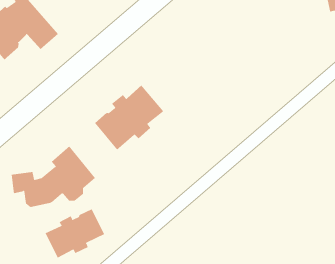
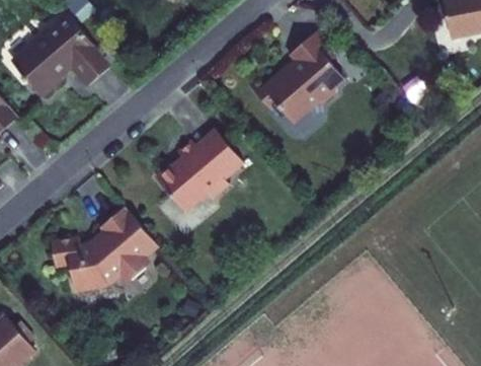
building: none -> [256,32,343,117]
building: [45,209,105,258] -> none

